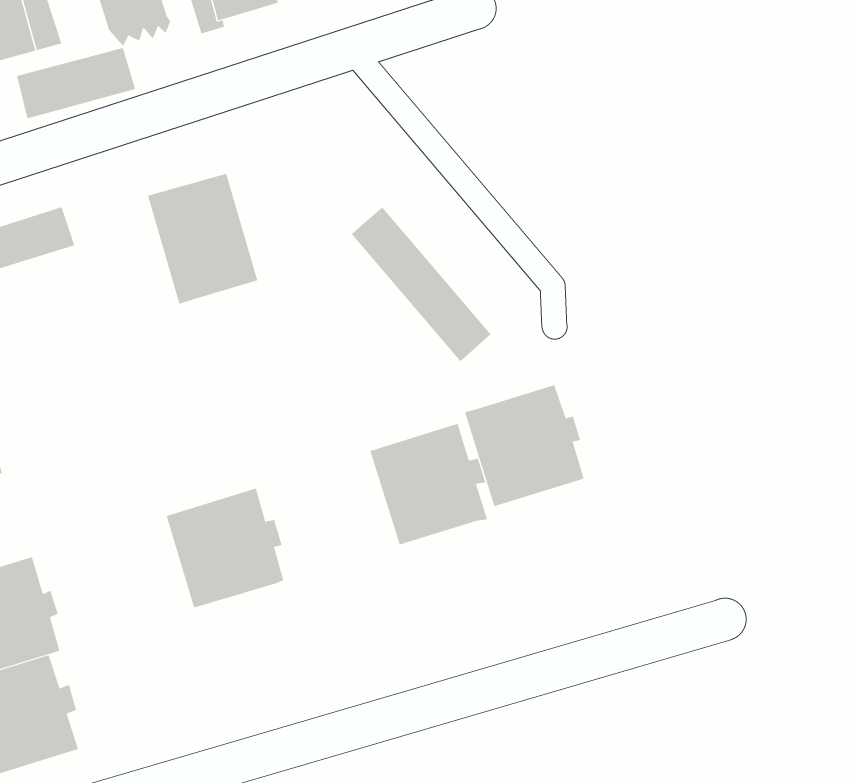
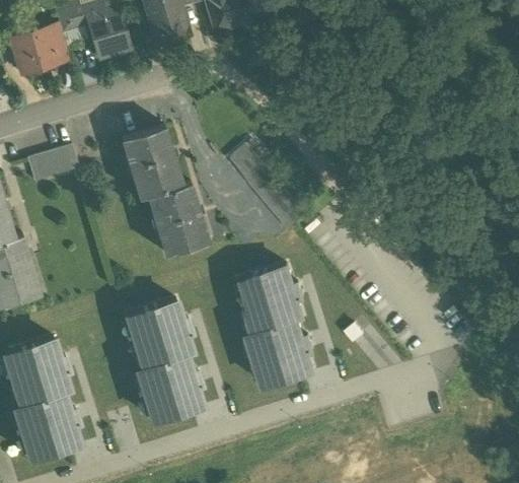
building: [17,47,136,119] -> none
building: none -> [143,185,205,257]
building: [464,384,585,507] -> [247,319,313,386]
building: none -> [137,353,202,420]

